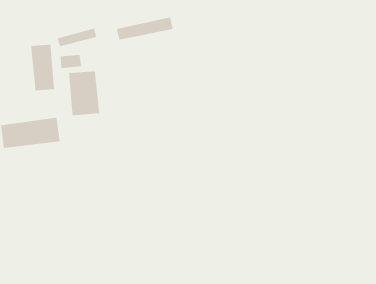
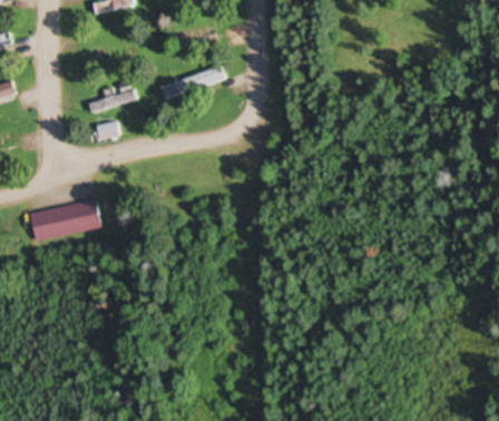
building: [31,44,55,91] -> none
building: [68,71,100,116] -> none

